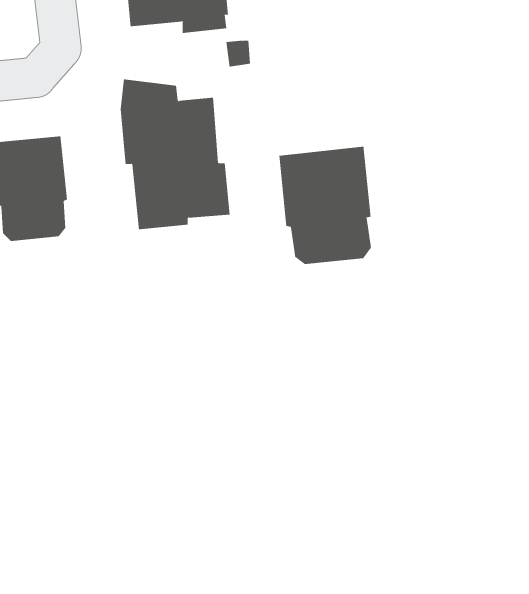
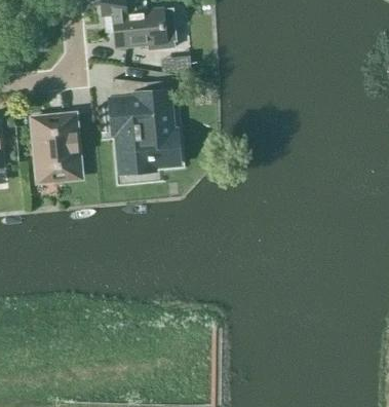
building: [279,146,371,265] -> none

